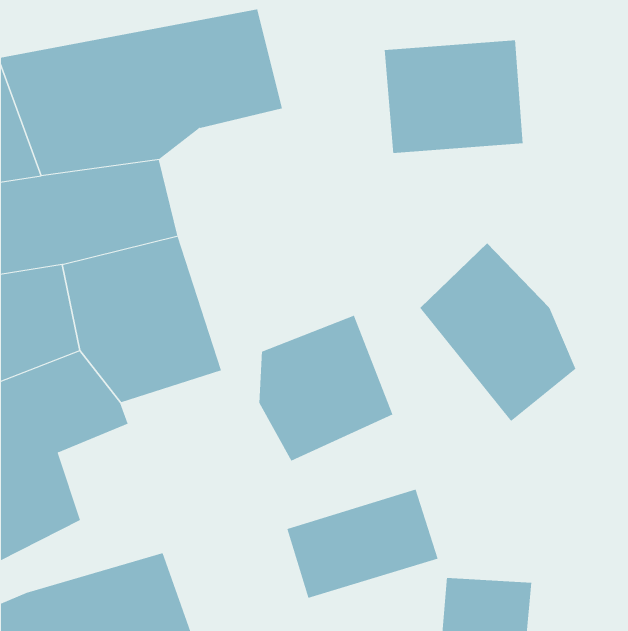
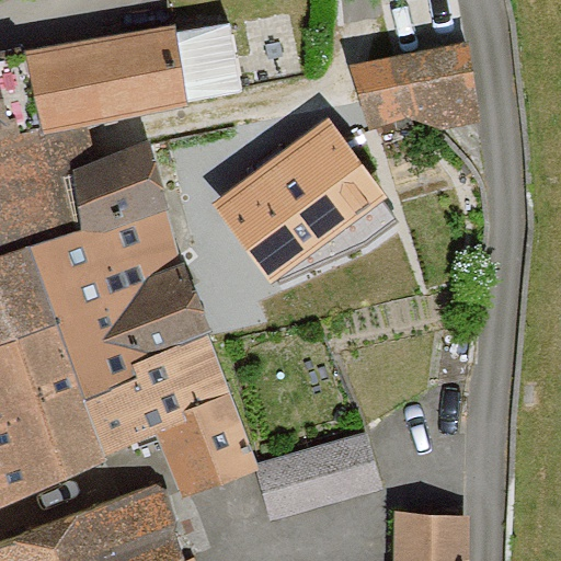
building: none -> [198,121,374,289]
building: [420,242,576,422] -> none
building: [259,315,393,461] -> none
building: none -> [59,331,256,496]

